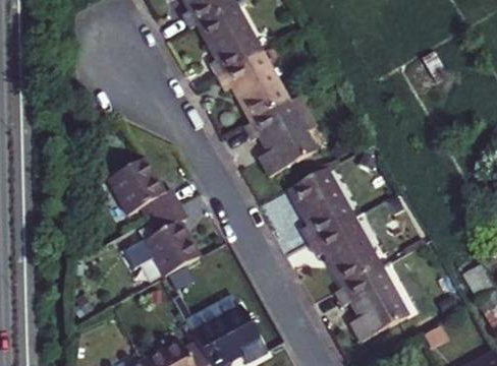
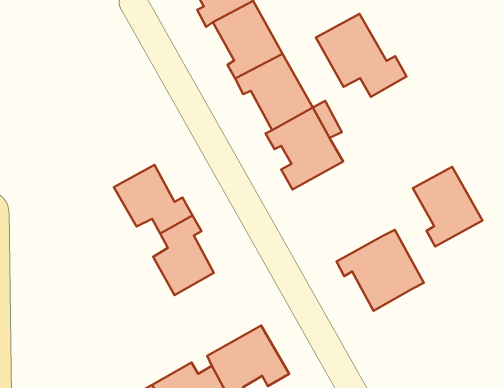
building: none -> [316,14,406,97]
building: [289,171,352,243] -> [413,167,482,246]
building: [336,267,406,343] -> none

